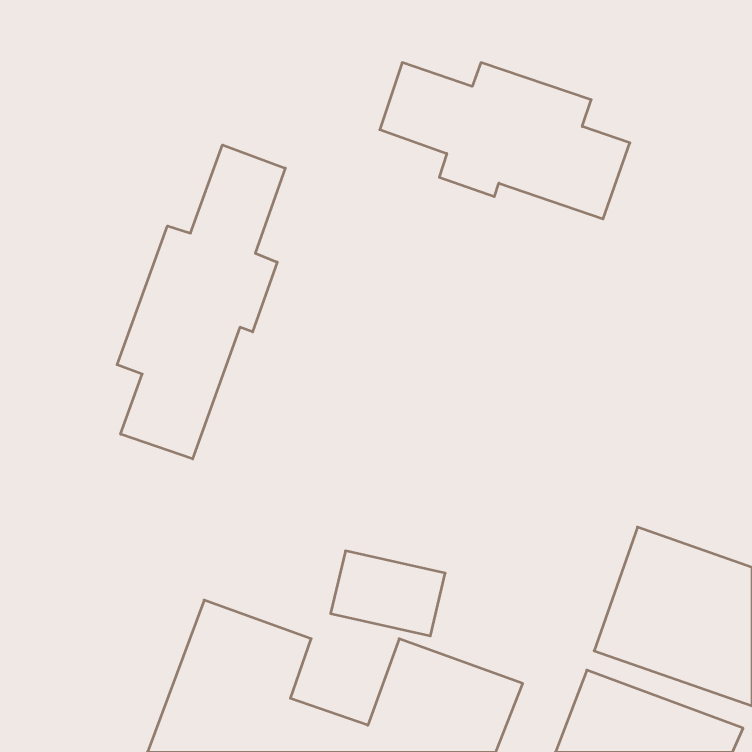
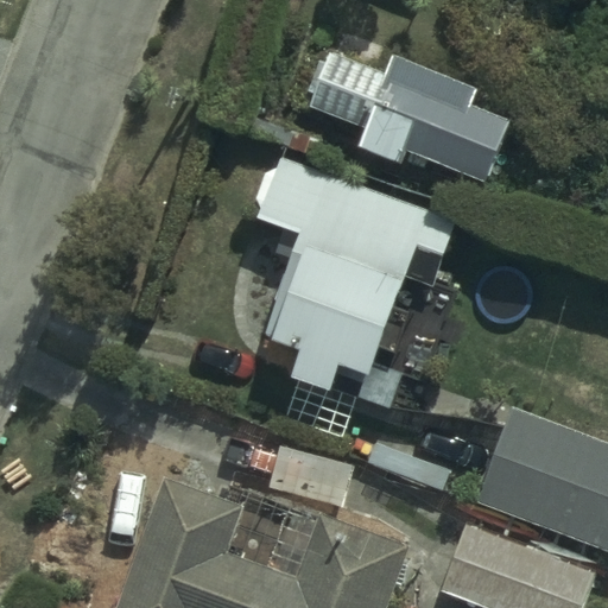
building: [117,145,285,459] -> none
building: none -> [254,173,451,422]

